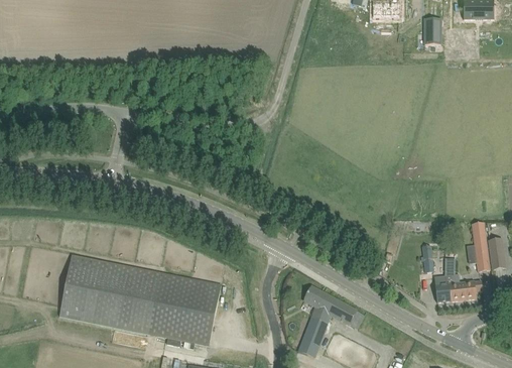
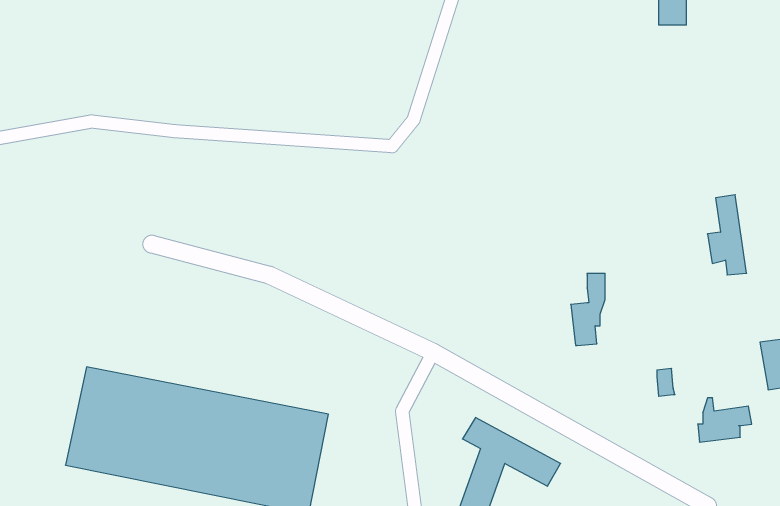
building: [466,222,490,271] -> [707,195,747,275]
building: [433,258,455,302] -> [571,273,605,345]

